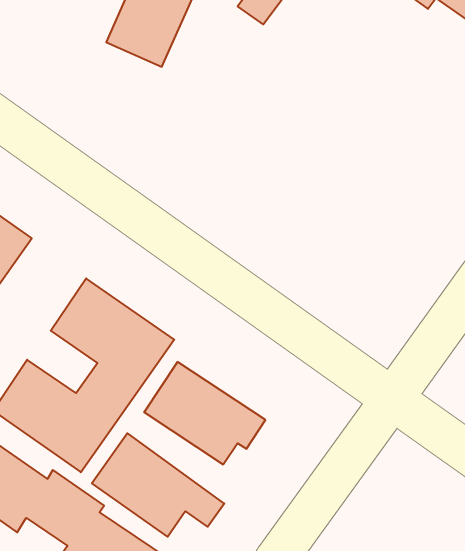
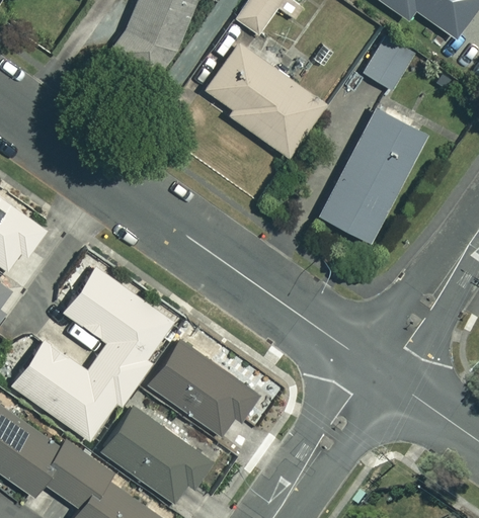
building: none -> [364,37,414,90]
building: none -> [205,38,329,158]
building: none -> [318,107,429,244]

